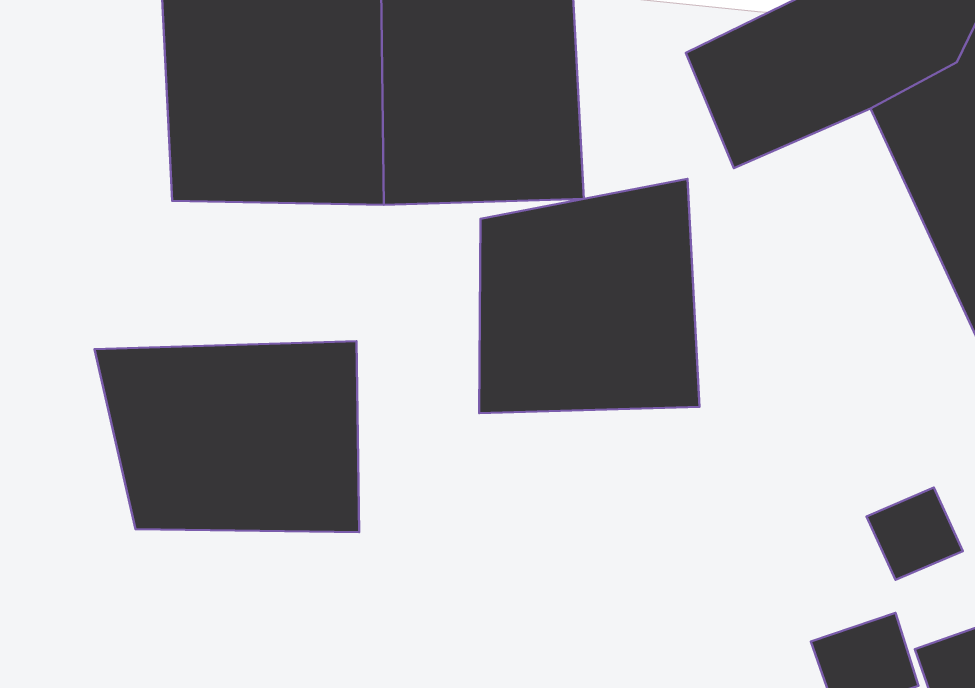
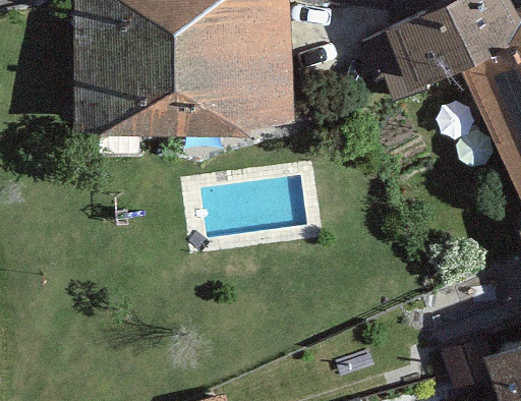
building: [479,179,699,413] -> none
building: [94,341,359,532] -> none

